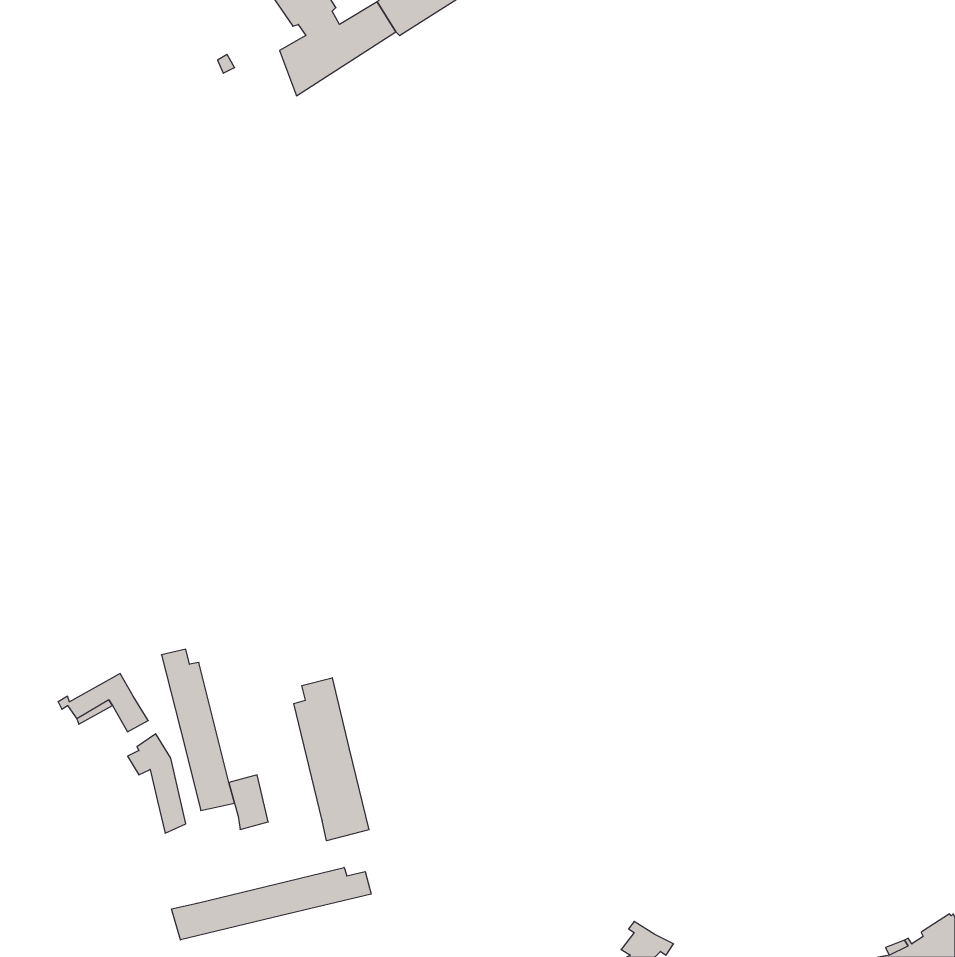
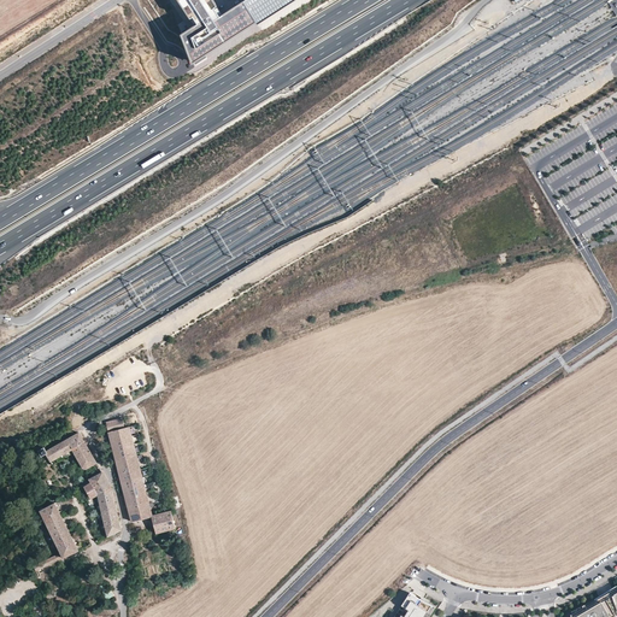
building: [294,678,369,841] -> none
building: none -> [31,503,77,572]
building: [172,867,371,940] -> none

